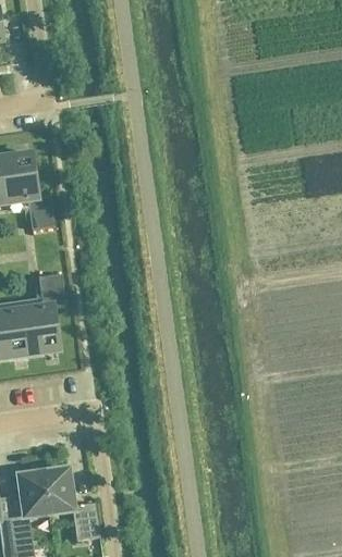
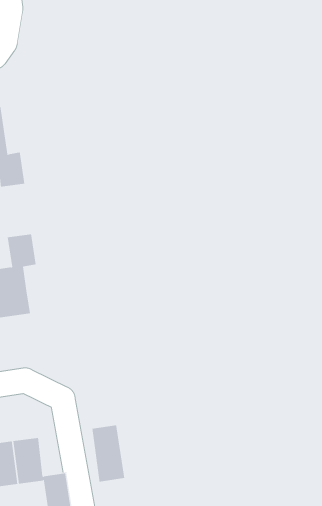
building: none -> [92,424,125,483]

